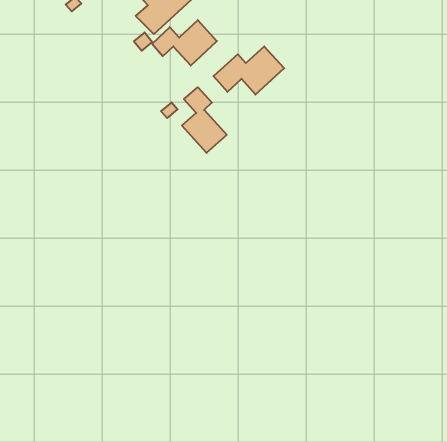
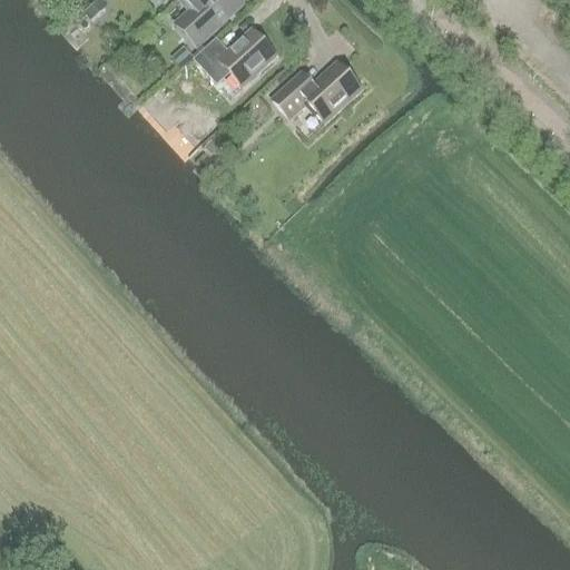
building: [182,87,227,153] -> none

